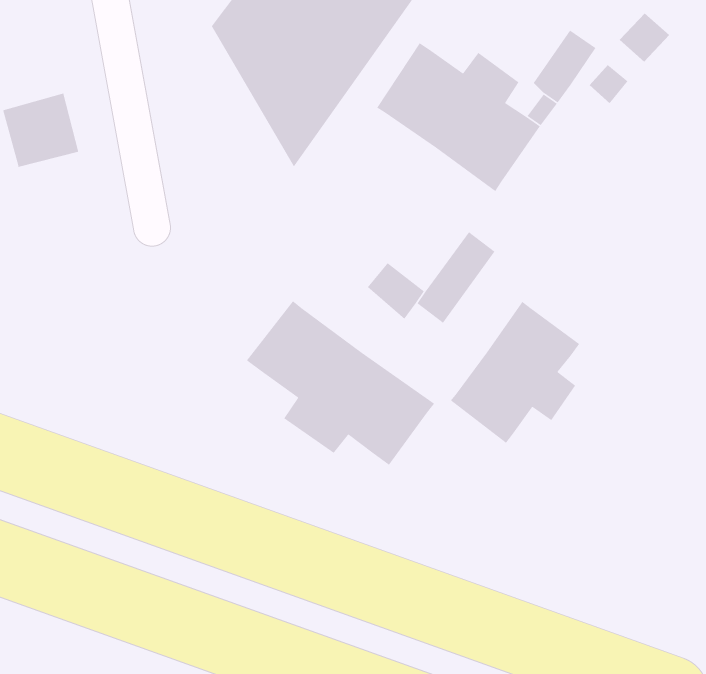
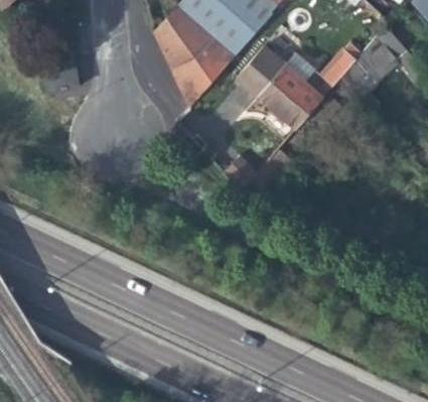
building: [246,300,435,466] -> none
building: [450,301,580,444] -> none

